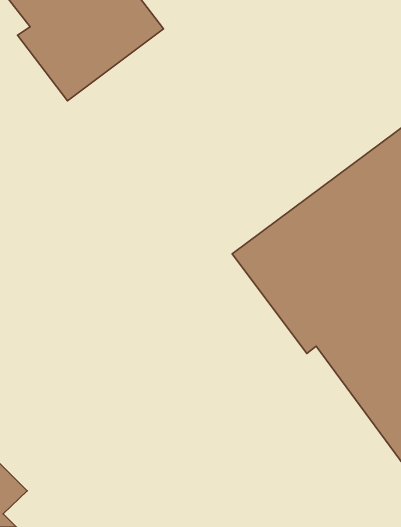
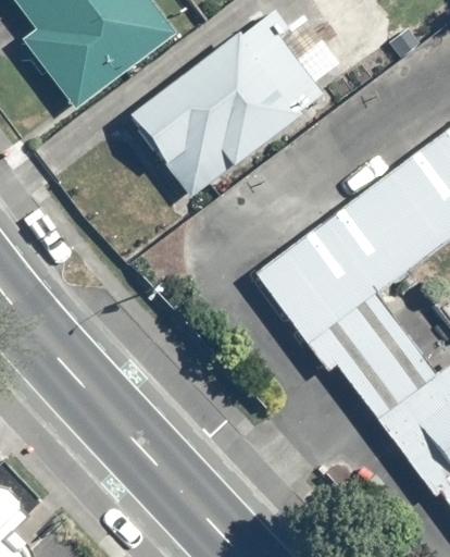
building: none -> [129,10,326,201]

